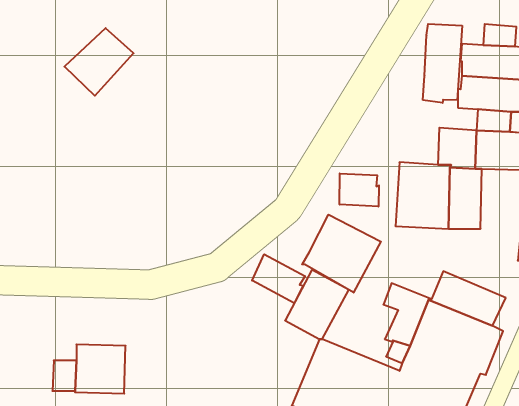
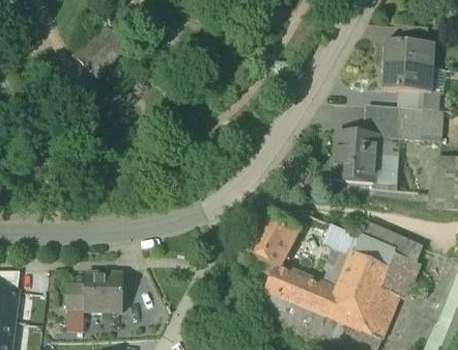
building: [423,24,462,103] -> none
building: [340,173,379,207] -> none
building: [302,215,381,293] -> none
building: [252,254,305,303] -> none

